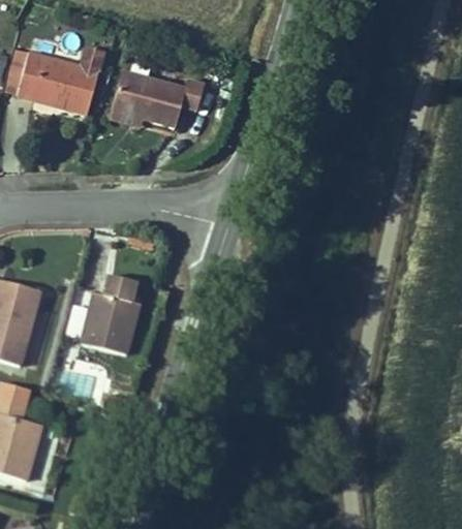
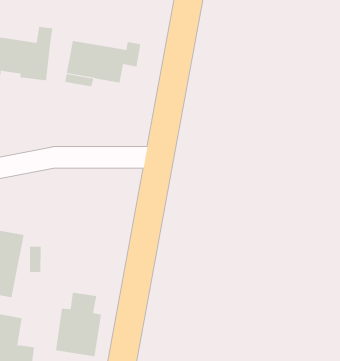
building: [87,277,148,357] -> [55,292,102,357]

